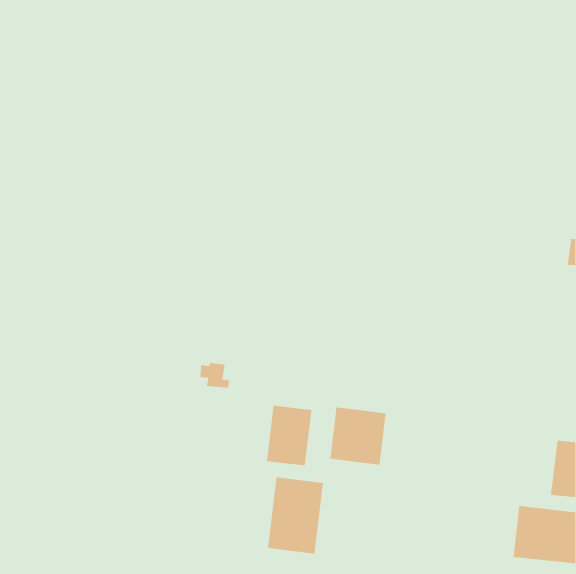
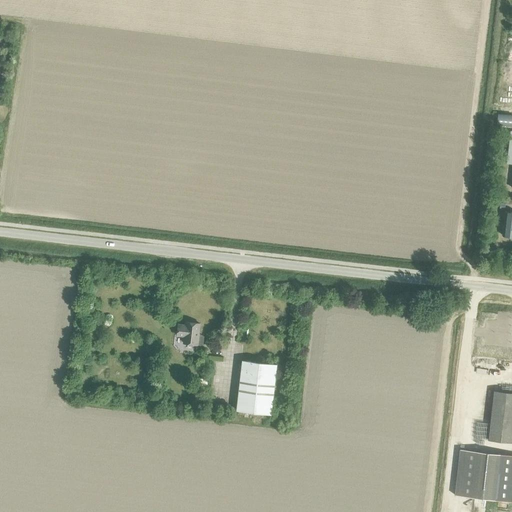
building: [330,406,386,465] -> none
building: [268,477,323,555] -> none

